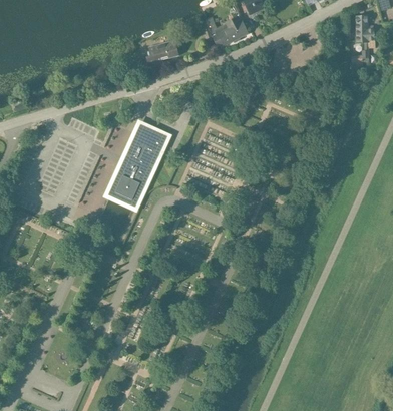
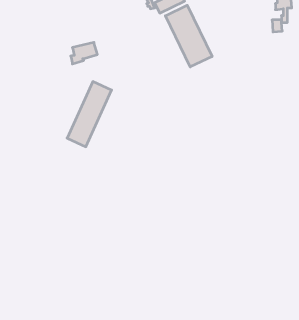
building: none -> [165,5,212,67]
building: [147,40,178,65] -> [71,42,97,64]

